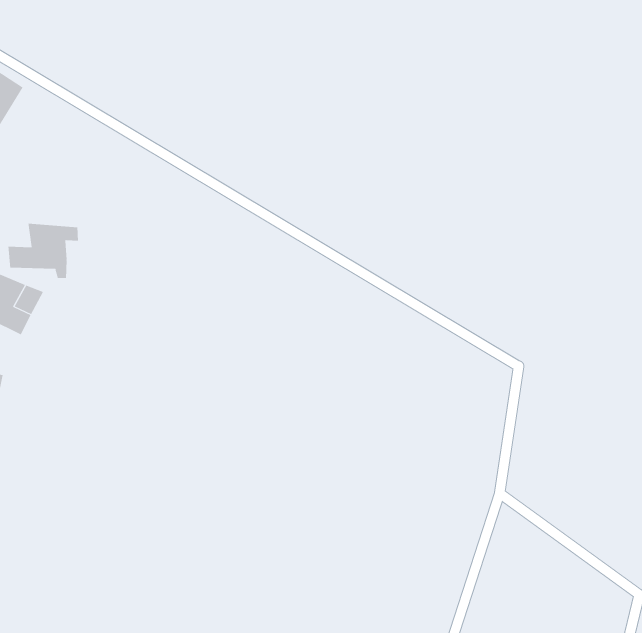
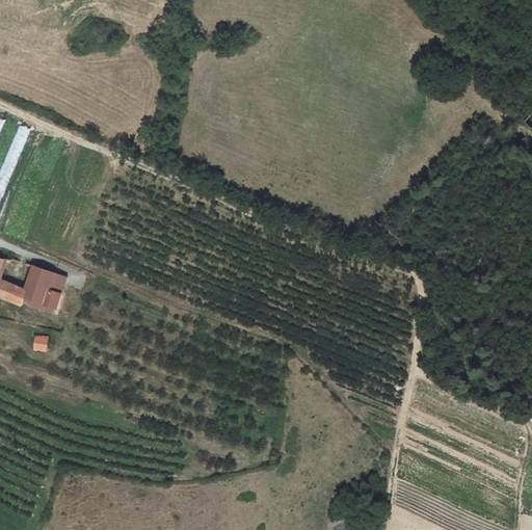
building: [8,223,78,279] -> none

